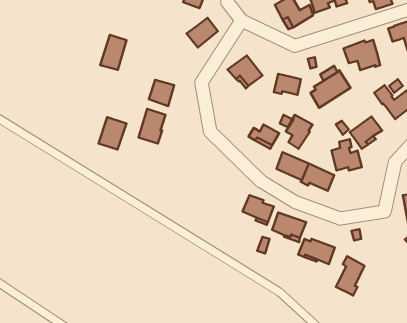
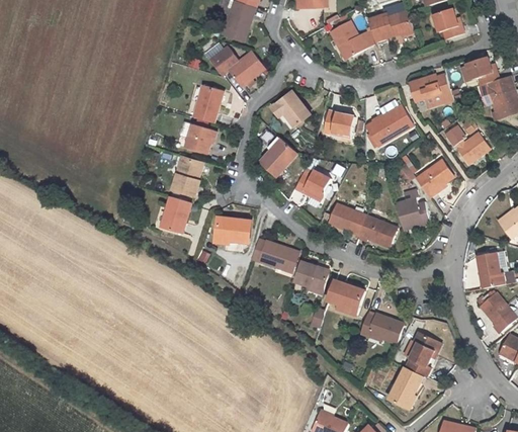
building: none -> [209,45,238,73]
building: [100,35,126,70] -> [193,80,224,120]
building: none -> [265,143,301,180]
building: [286,115,312,149] -> none
building: [98,117,126,150] -> [159,194,191,232]
building: none -> [212,215,248,243]
building: none -> [251,233,299,267]
building: none -> [385,360,418,397]

